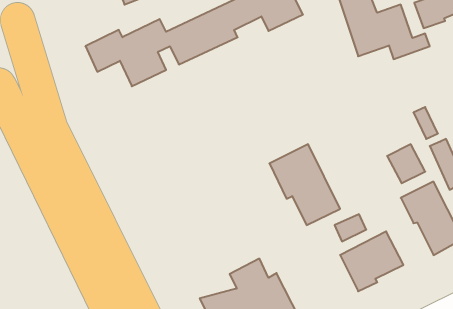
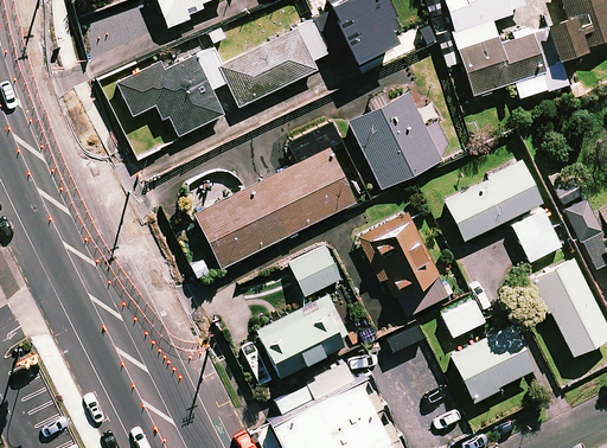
building: none -> [350,94,453,188]
building: none -> [194,149,354,269]
building: none -> [445,164,542,241]
building: none -> [290,247,341,296]
building: none -> [256,295,351,376]

